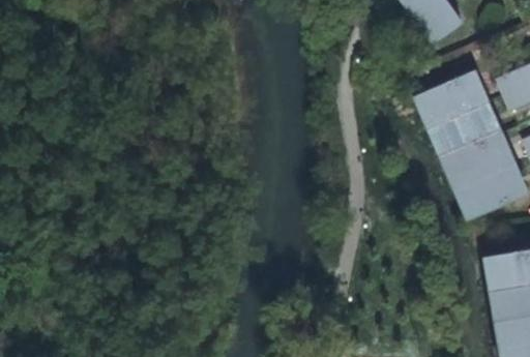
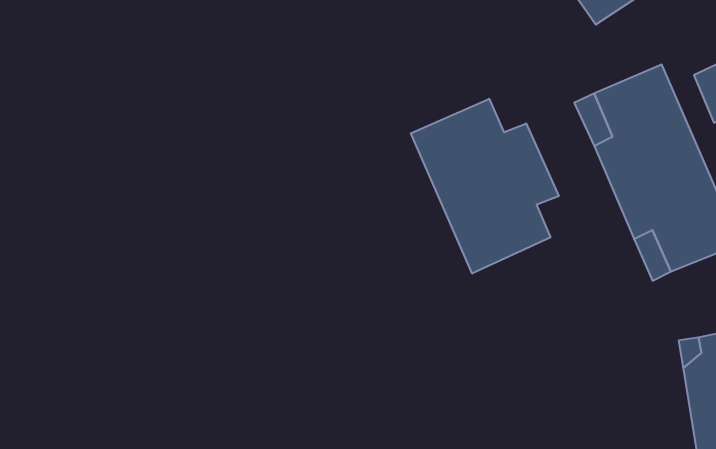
building: none -> [411,99,559,274]

